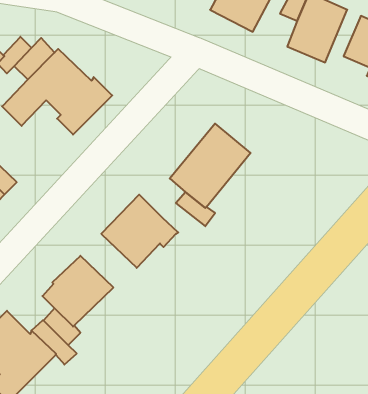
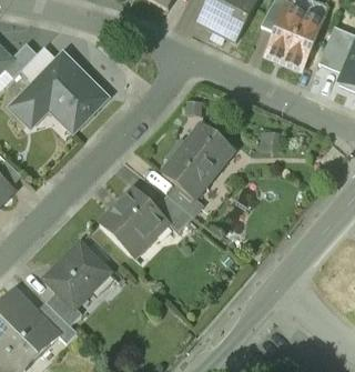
building: none -> [154,195,193,233]

